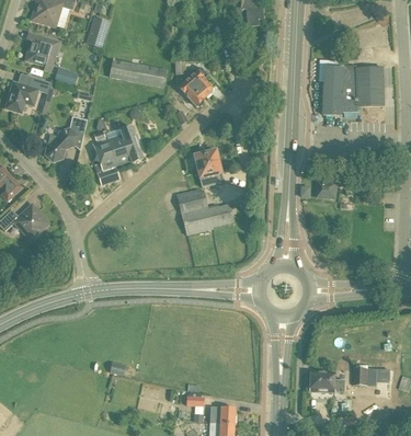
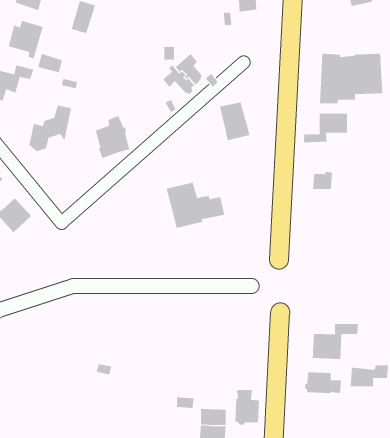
building: [109,59,167,87] -> none
building: none -> [303,113,348,143]
building: [93,138,119,184] -> none
building: [194,150,224,187] -> [219,102,250,141]
building: none -> [312,323,358,360]
building: none -> [235,389,259,425]

